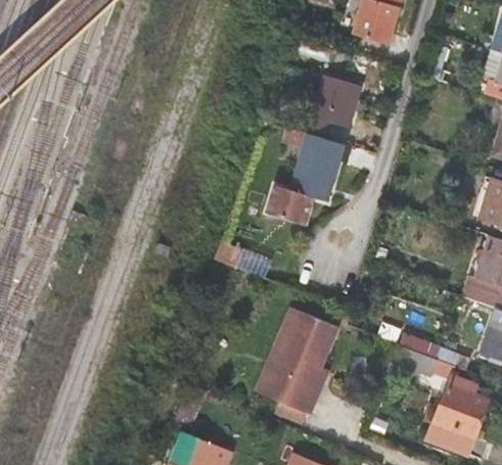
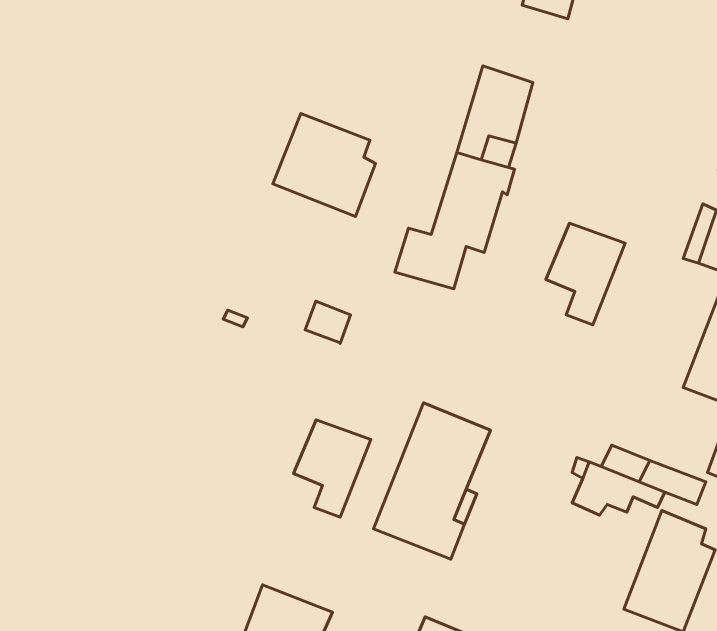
building: none -> [273,114,376,217]
building: none -> [546,223,625,325]
building: none -> [294,420,371,517]

